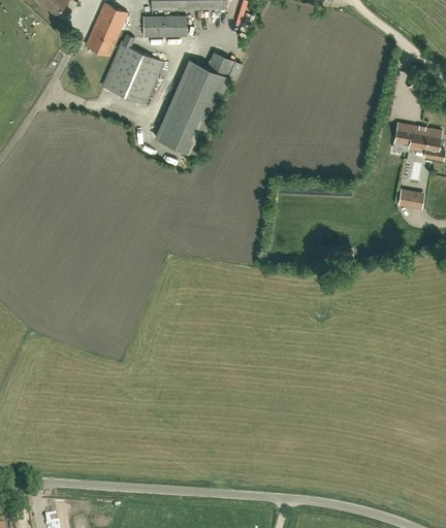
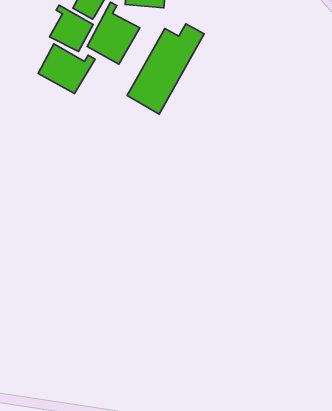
building: none -> [50,5,93,52]
building: none -> [38,44,95,94]

